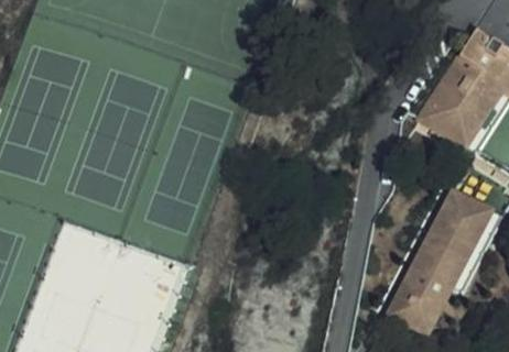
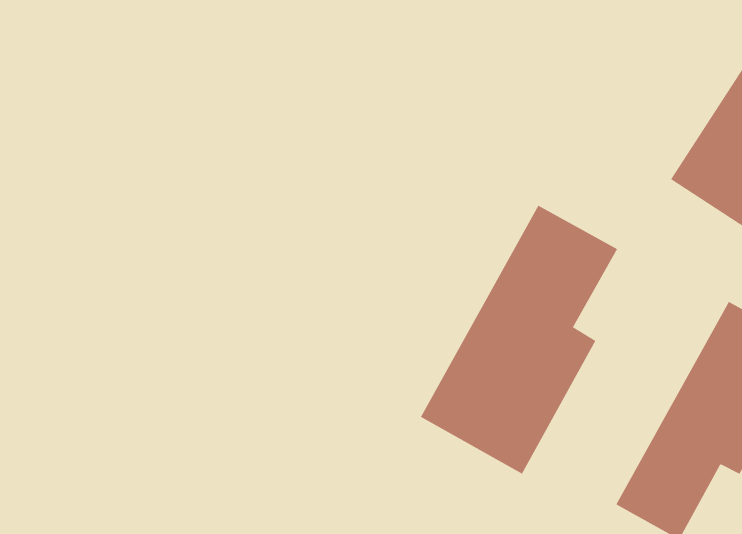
building: none -> [420,205,618,475]

